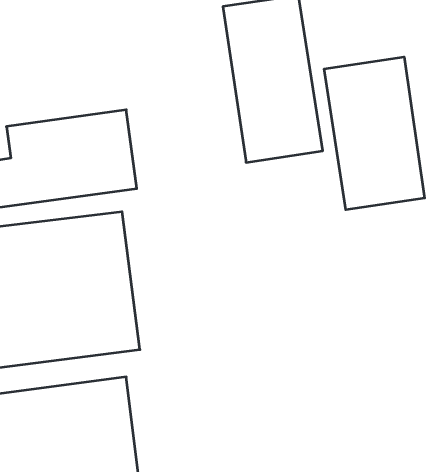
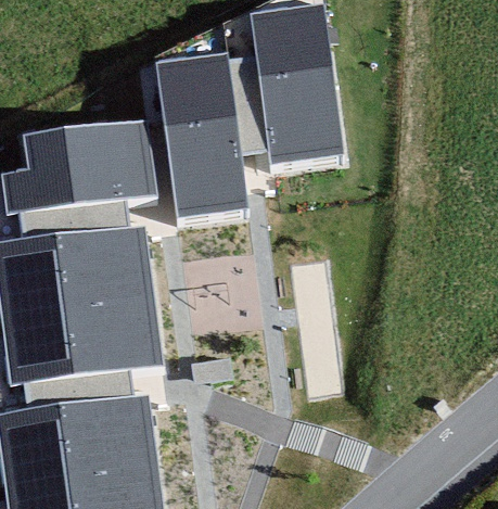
building: none -> [156,51,251,224]
building: [324,57,425,210] -> none

